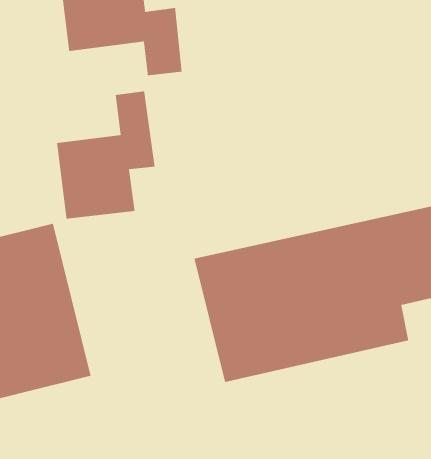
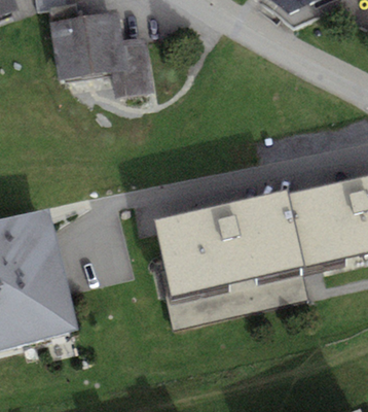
building: [56,90,155,220] -> none

